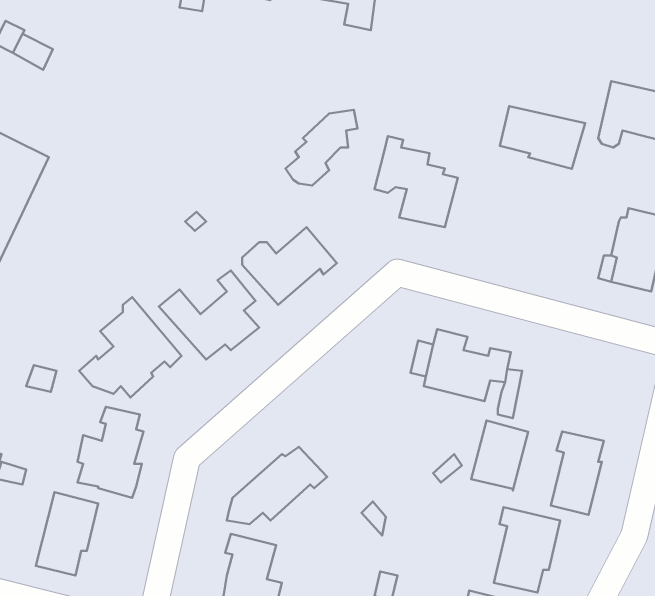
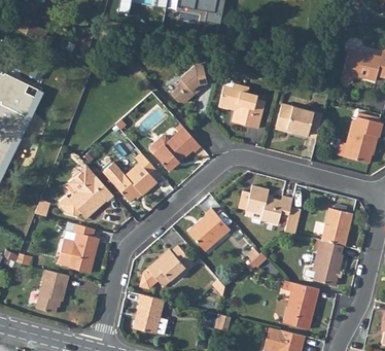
building: [500,106,585,169] -> [277,106,323,140]
building: none -> [187,208,230,252]
building: [471,421,528,491] -> [321,208,352,246]

